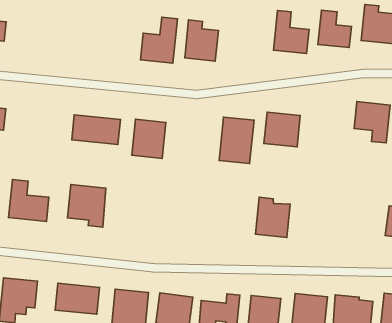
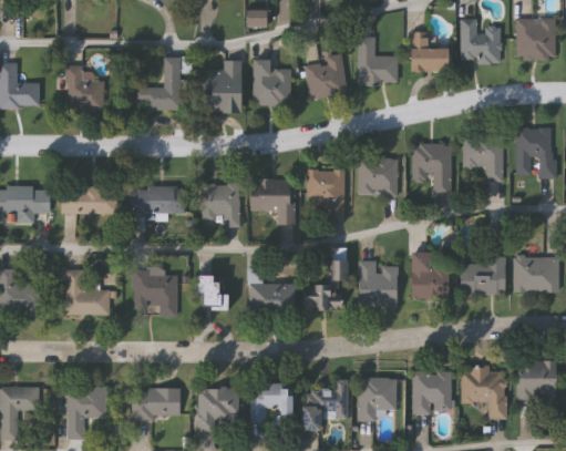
building: none -> [65,64,103,107]
building: none -> [135,55,181,109]
building: none -> [306,53,346,98]
building: none -> [412,144,451,195]
building: none -> [60,185,116,213]
building: none -> [250,178,295,224]
building: none -> [302,249,346,309]
building: none -> [248,268,294,314]
building: none -> [410,252,449,298]
building: none -> [197,274,226,310]
building: none -> [461,255,505,295]

